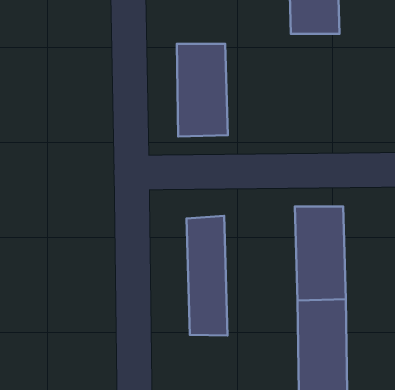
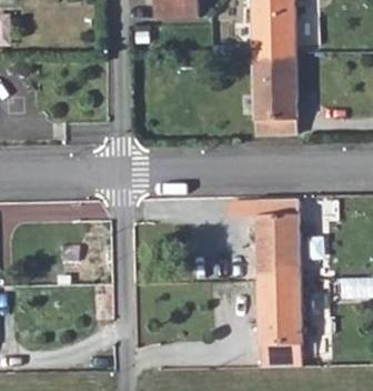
building: [177,44,228,137] -> [254,56,298,134]
building: [187,216,227,335] -> none

